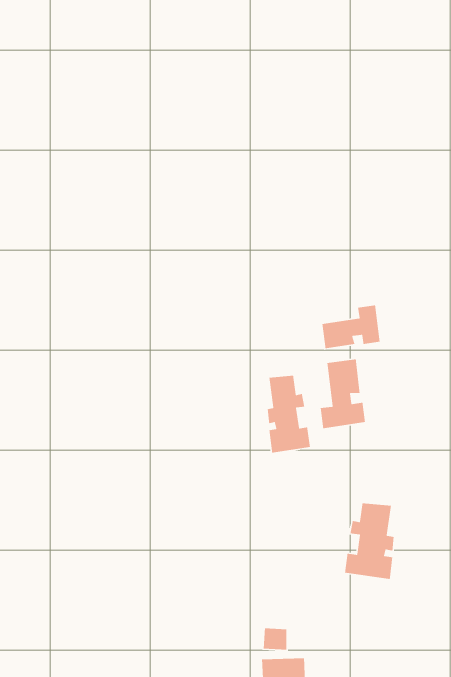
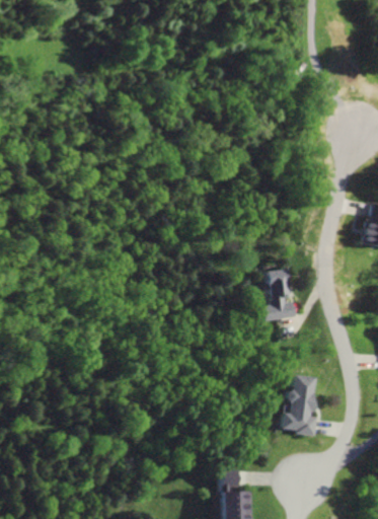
building: [321,305,380,349] -> none
building: [267,375,311,453] -> none

